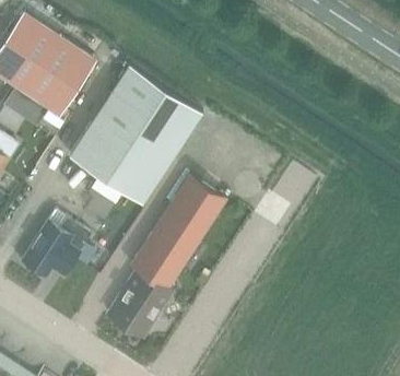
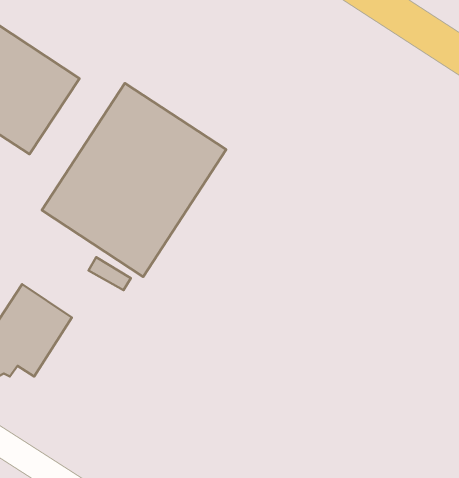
building: [107,175,226,338] -> none

